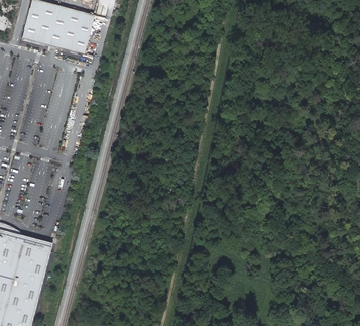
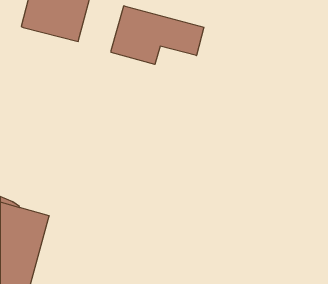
building: none -> [111,6,204,64]

